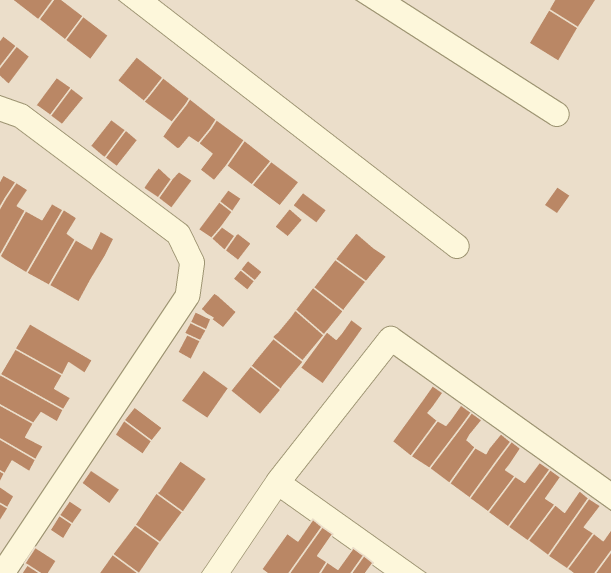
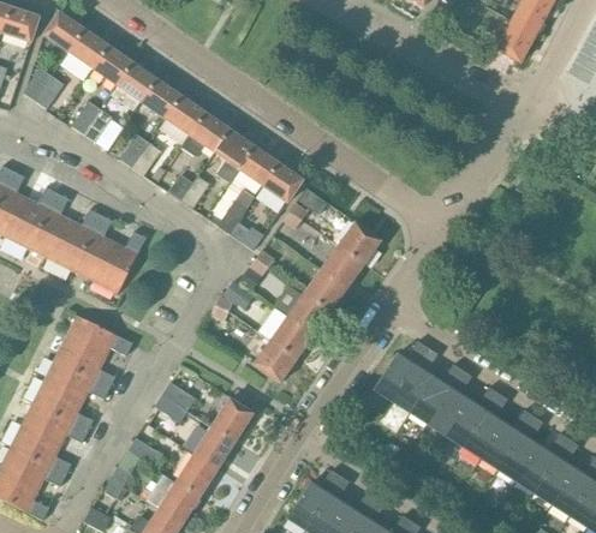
building: none -> [115,61,155,100]
building: [300,319,363,384] -> [374,341,427,399]
building: [181,370,229,419] -> [211,397,252,439]

